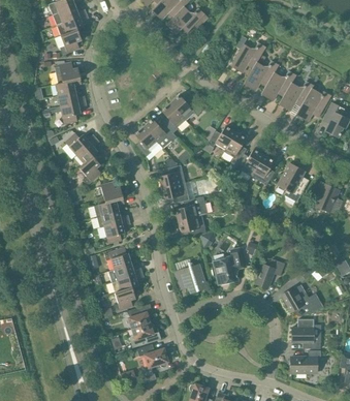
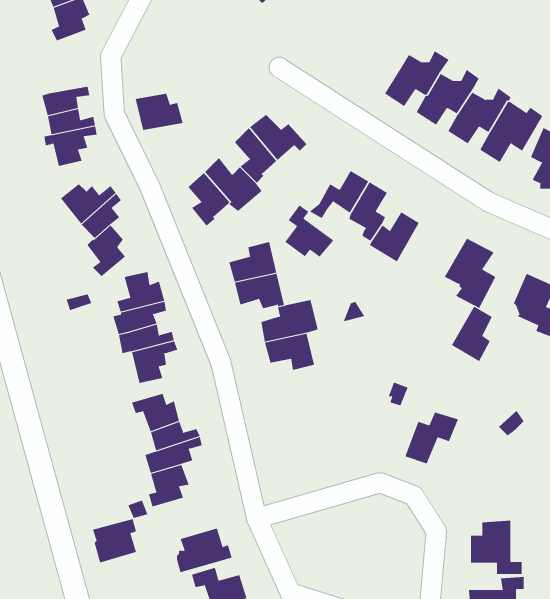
building: [230,41,266,72] -> none
building: [54,62,81,83] -> [135,93,184,130]
building: none -> [284,204,334,257]
building: [251,154,274,185] -> [451,306,493,362]
building: [214,247,246,284] -> none
building: [174,261,206,292] -> none
building: [281,285,323,316] -> none
building: [127,304,152,329] -> [92,518,137,563]

